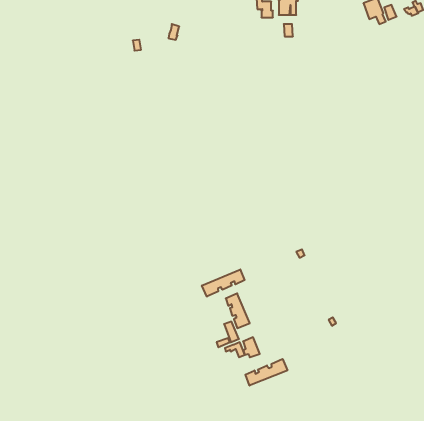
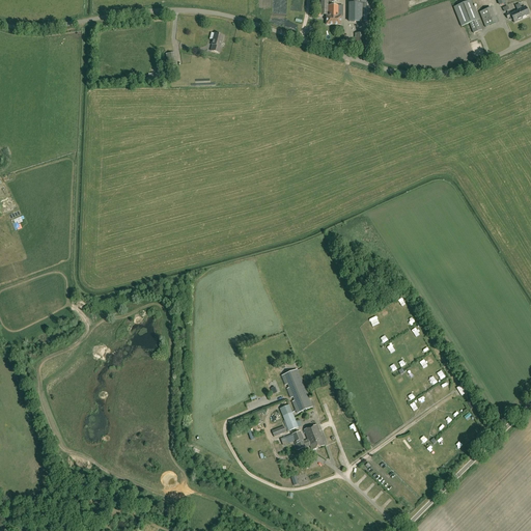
building: [202,269,245,297] -> none
building: [245,359,287,386] -> none

